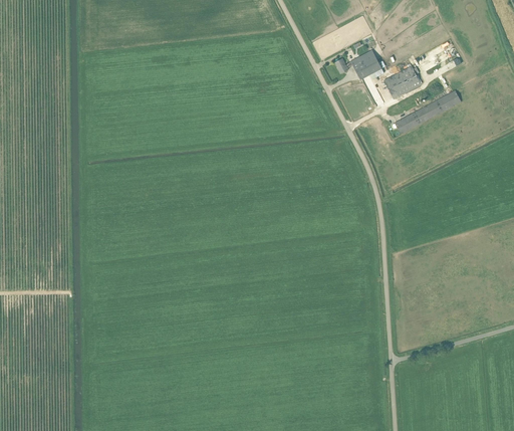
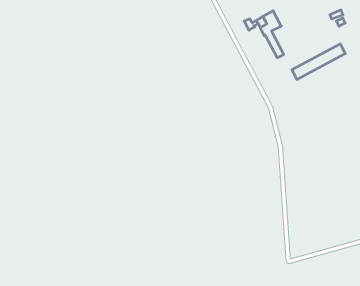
building: [383,65,422,98] -> none

